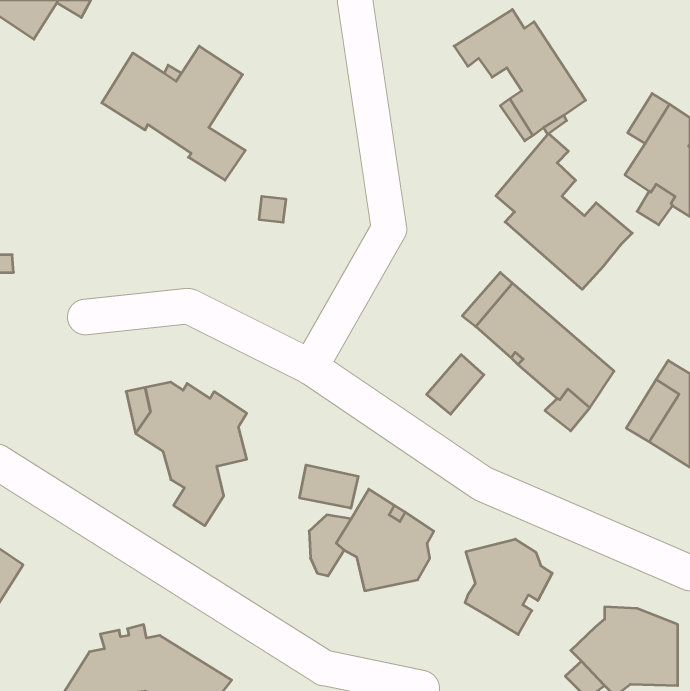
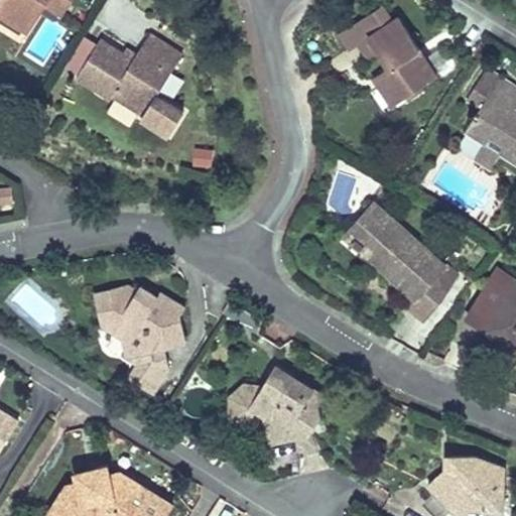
building: [496,134,632,289] -> none
building: [427,355,484,414] -> none
building: [300,465,358,508] -> none
building: [465,539,552,635] -> none

